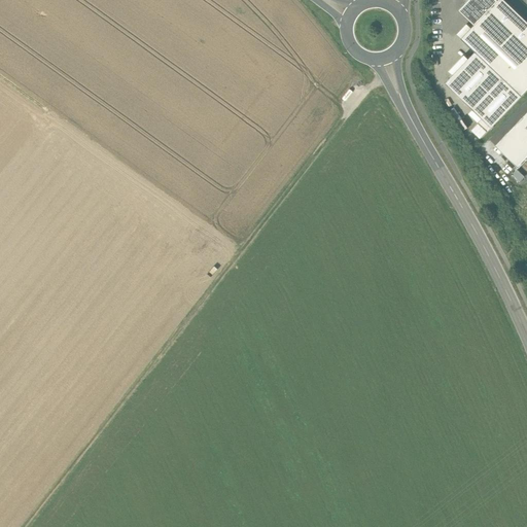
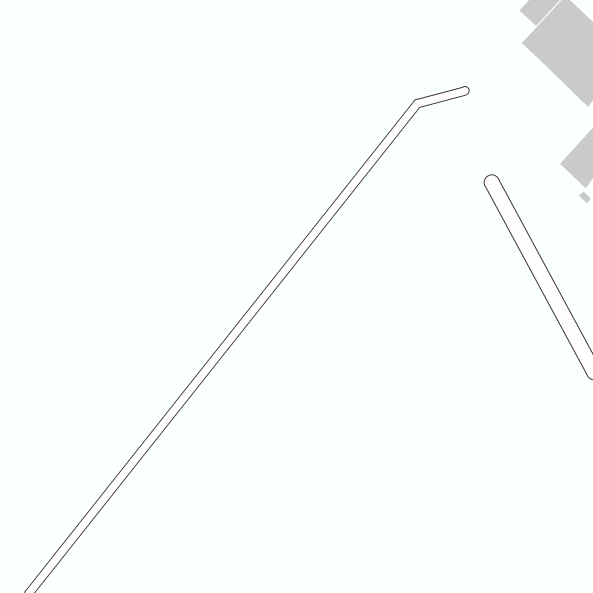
building: [447,51,522,139] -> none

